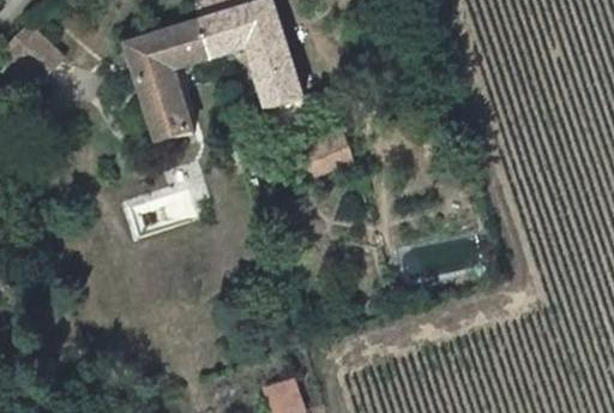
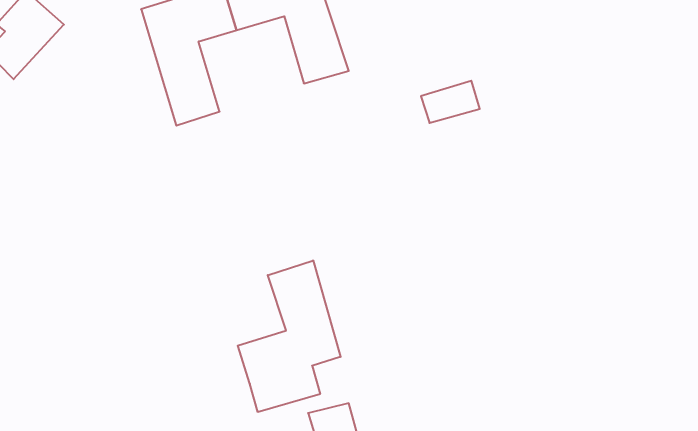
building: [303,132,354,168] -> [421,81,480,123]
building: none -> [238,260,341,412]

